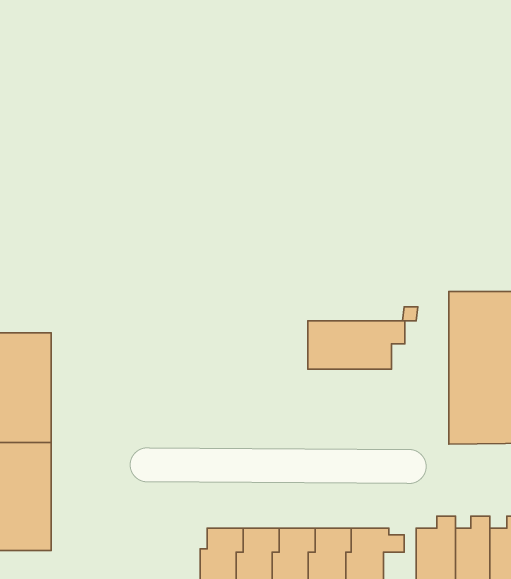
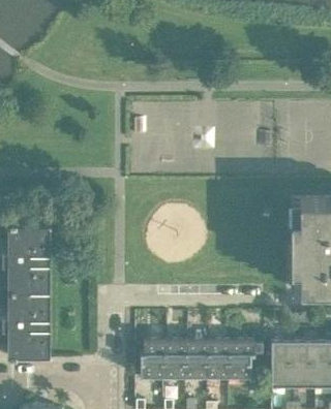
building: [308,321,405,369] -> none

